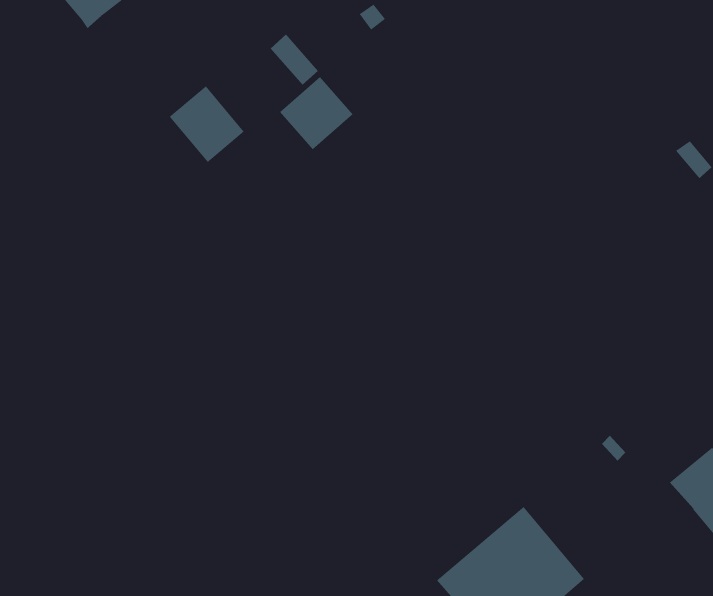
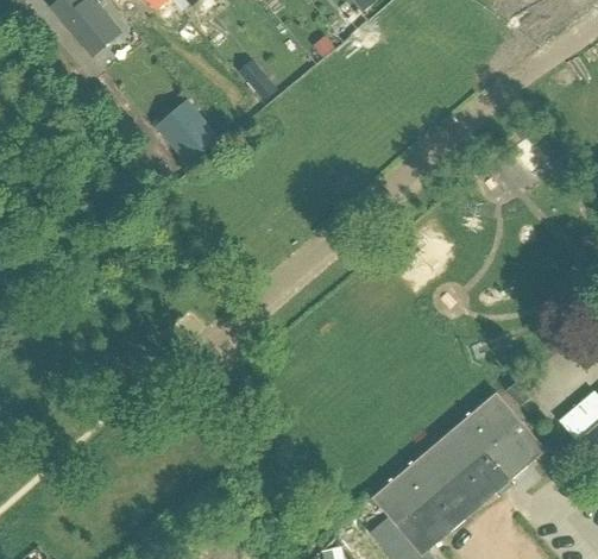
building: [279,76,354,150] -> none
building: none -> [441,390,545,495]

